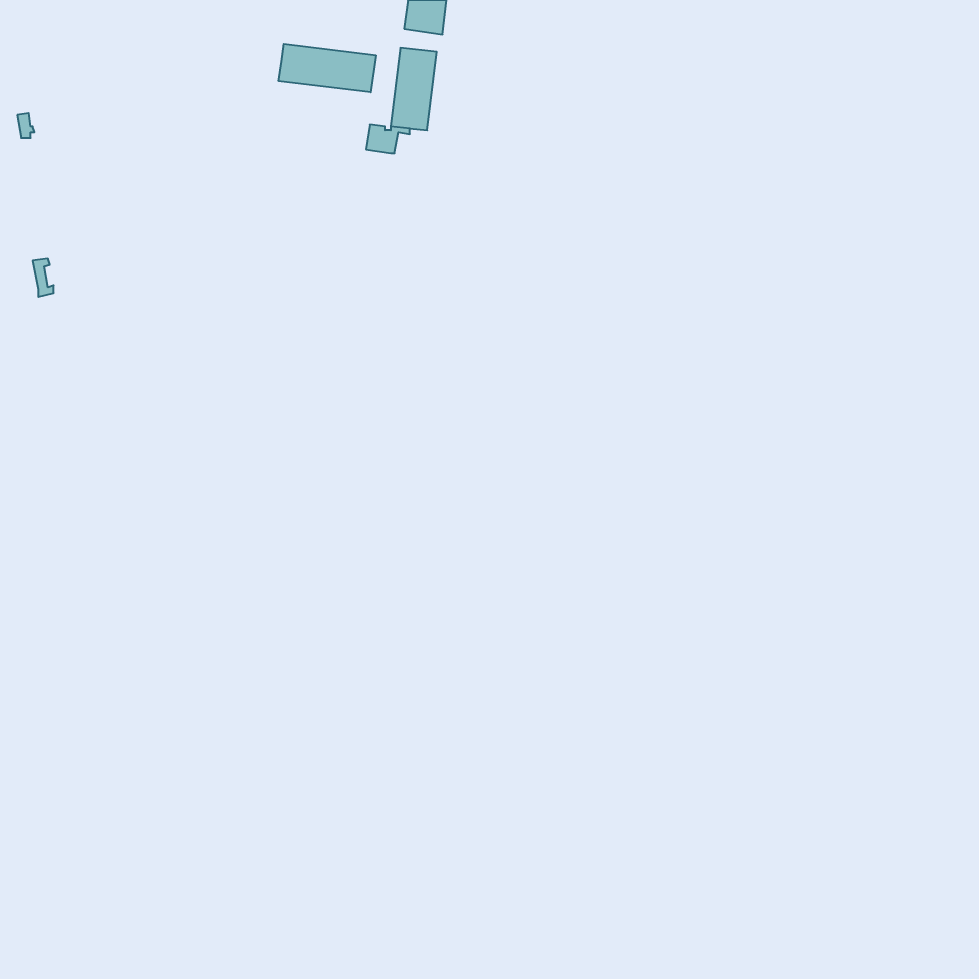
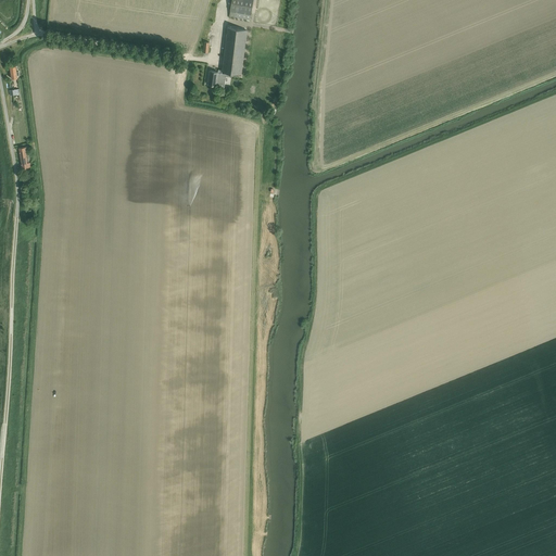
building: [279,44,376,92] -> none

